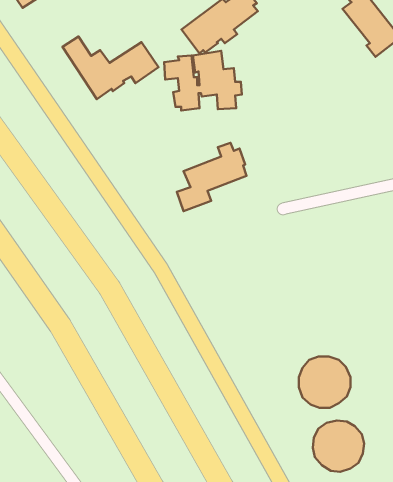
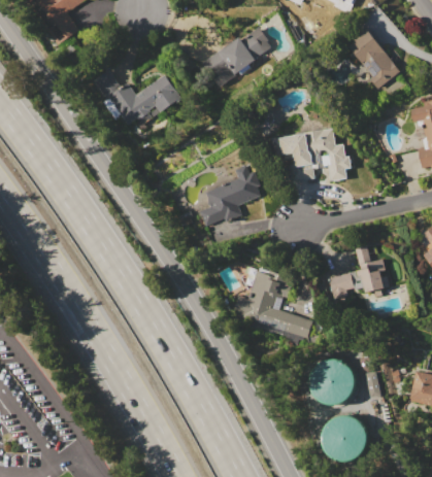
building: [164,51,242,110] -> [280,128,351,181]
building: none -> [329,245,389,293]
building: none -> [230,270,307,344]

